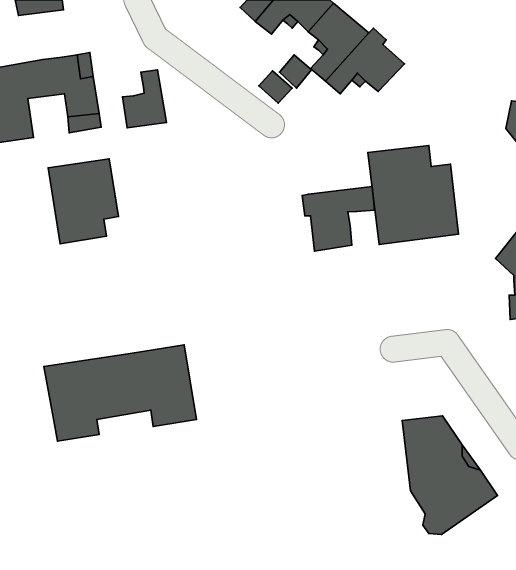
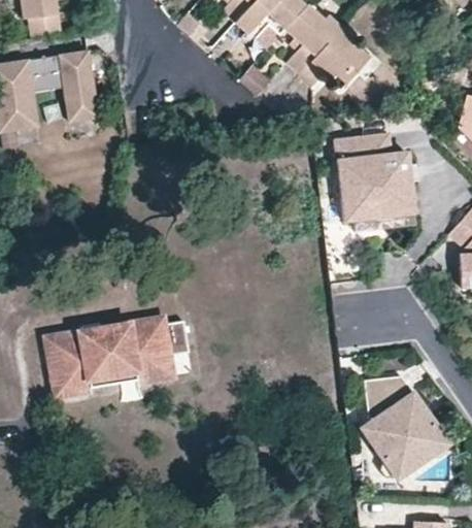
building: [122,70,166,128] -> none
building: [48,159,119,244] -> none
building: [302,187,374,251] -> none

